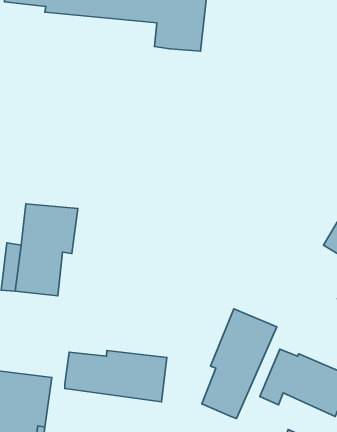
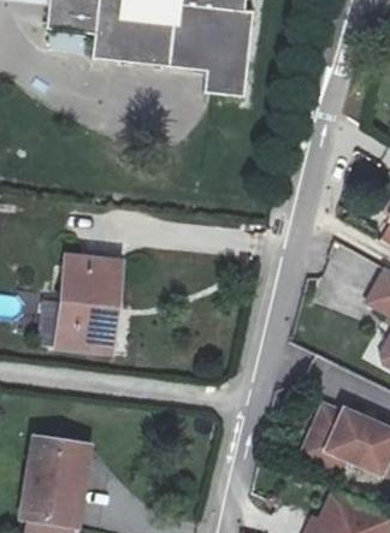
building: [202,309,277,418] -> none
building: [65,351,167,402] -> none

